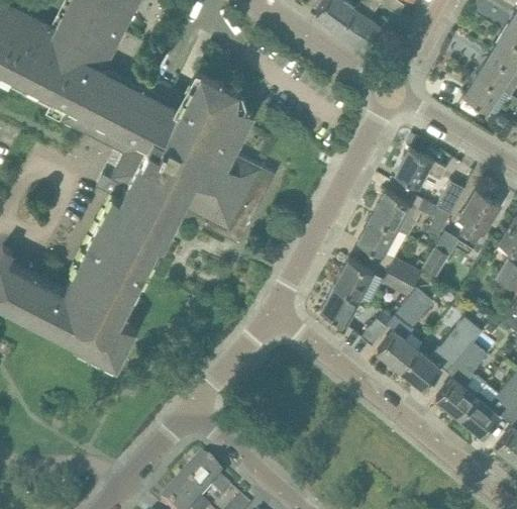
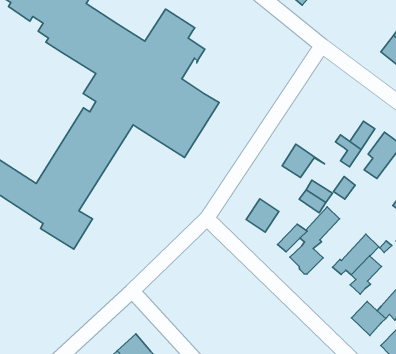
building: [396,148,447,188] -> none
building: [373,191,423,236] -> none
building: [335,260,374,299] -> none
building: [400,349,441,390] -> none
building: [436,379,476,418] -> none

